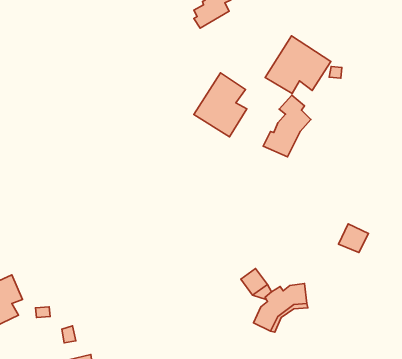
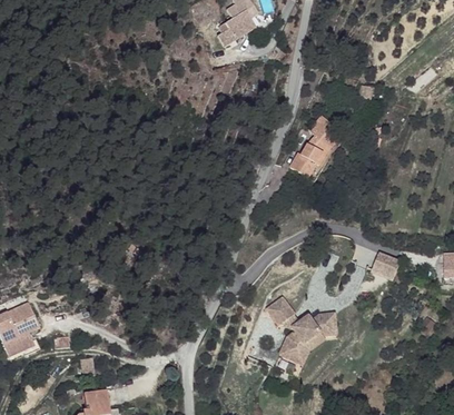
building: [265,36,331,94] -> none
building: [194,73,247,137] -> none

